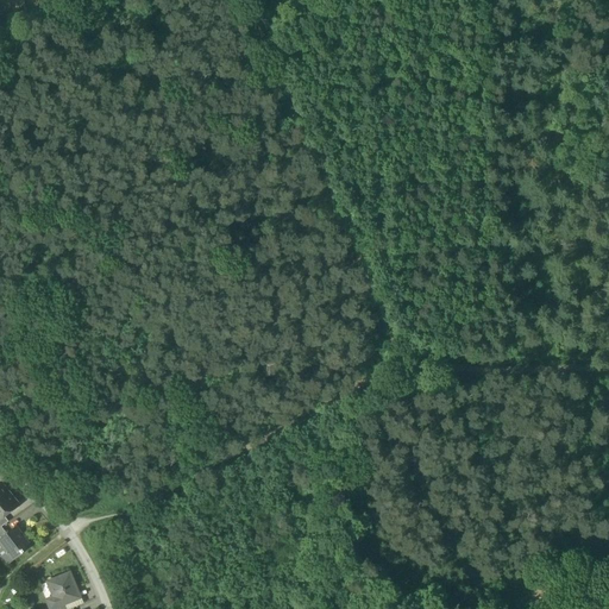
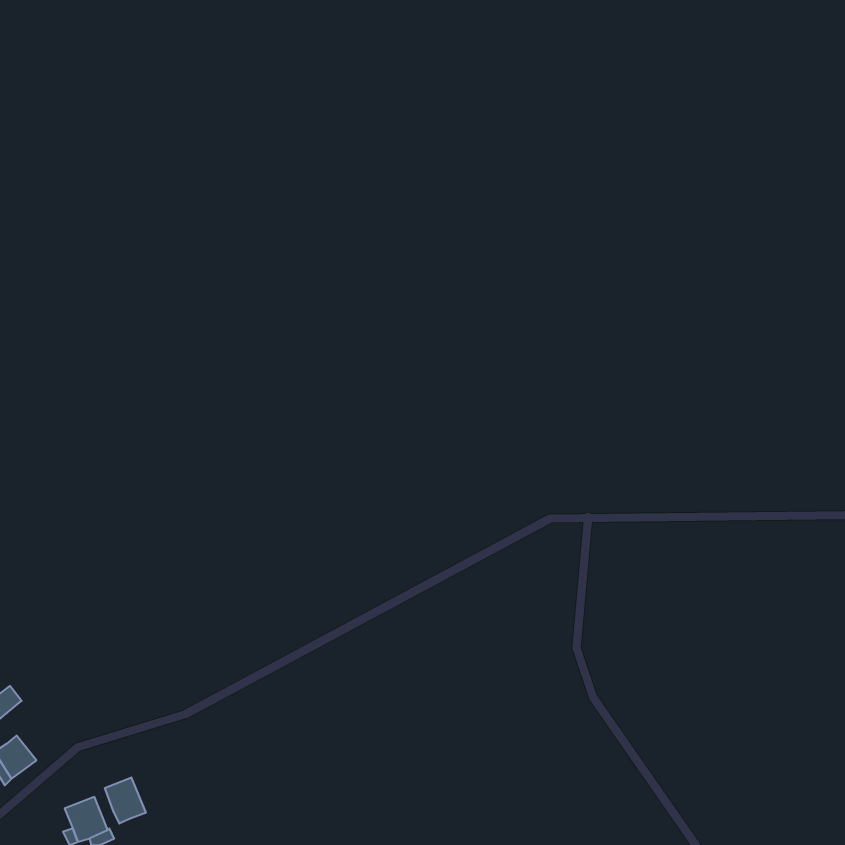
building: none -> [105,777,146,824]

